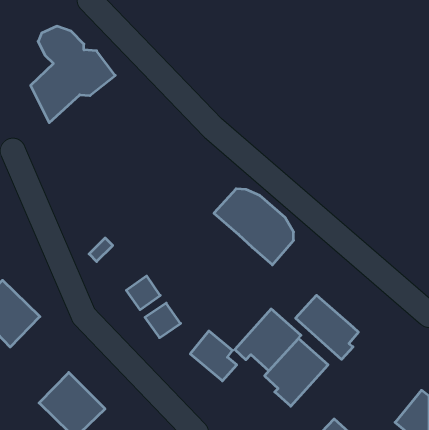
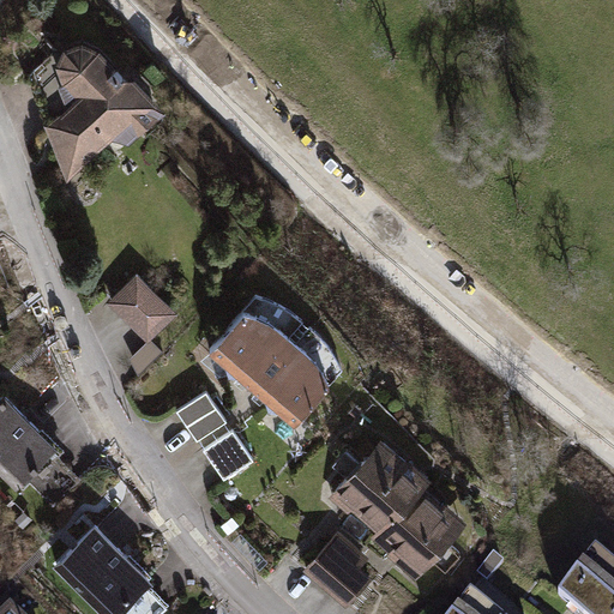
building: [214,189,294,265] -> [215,312,327,420]
building: none -> [107,275,174,341]
building: [296,295,358,359] -> none
building: [190,331,237,381] -> [308,537,374,608]

